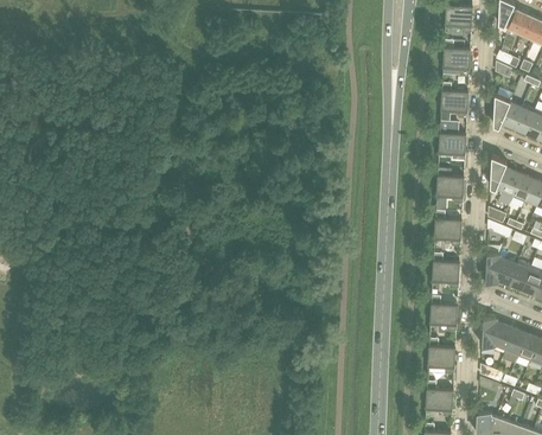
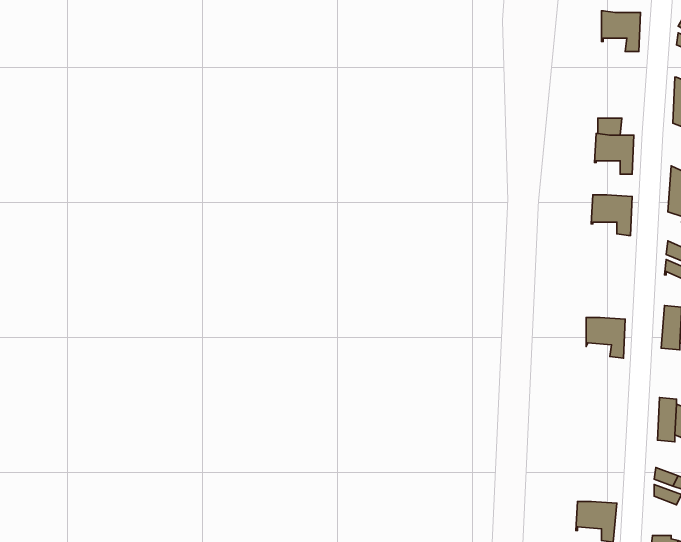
building: [441,90,468,119] -> none
building: [434,218,463,247] -> none
building: [431,303,458,332] -> none
building: [428,346,455,375] -> none

